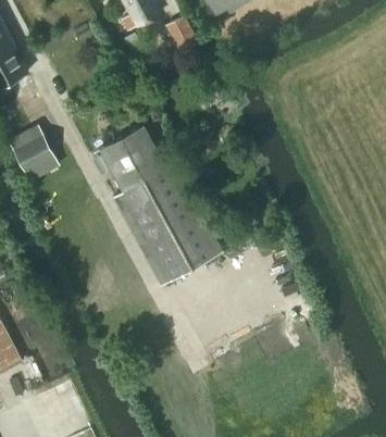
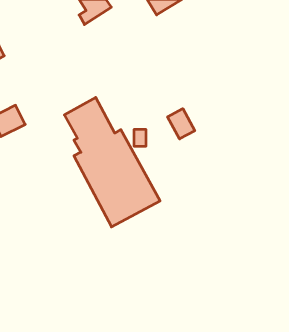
building: [164,15,199,53] -> none
building: none -> [168,109,195,139]

